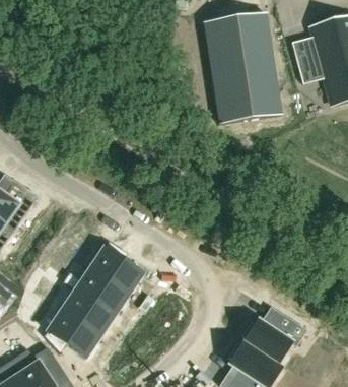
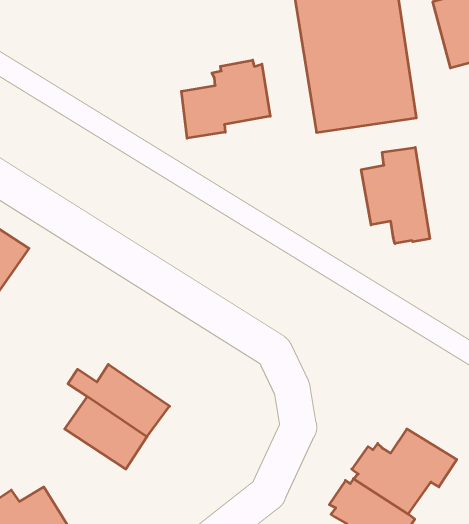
building: none -> [181,60,270,138]
building: none -> [361,147,430,244]
building: [88,241,141,296] -> none
building: [44,310,99,357] -> none

